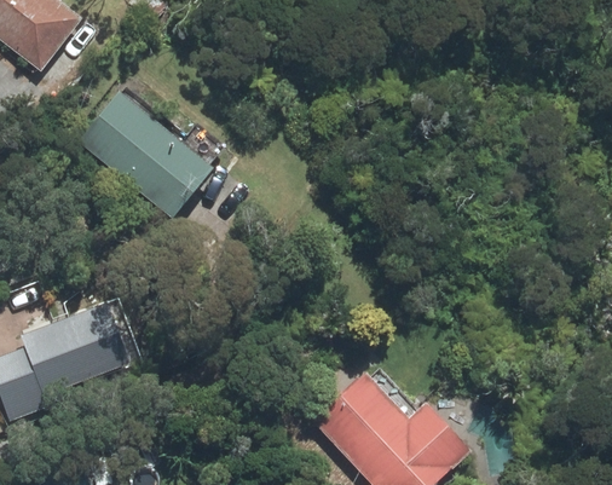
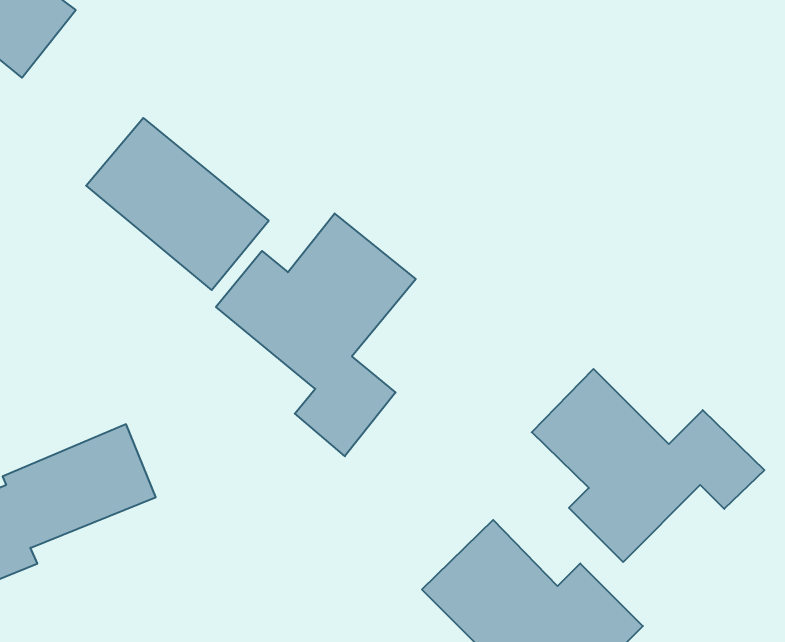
building: none -> [216,213,416,456]
building: none -> [532,369,764,562]

